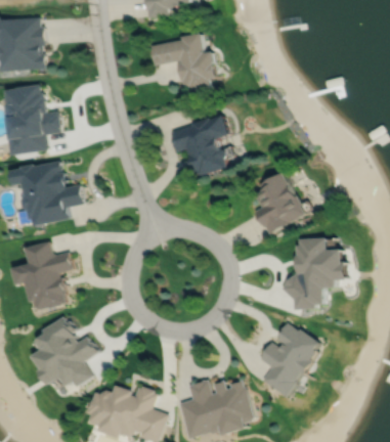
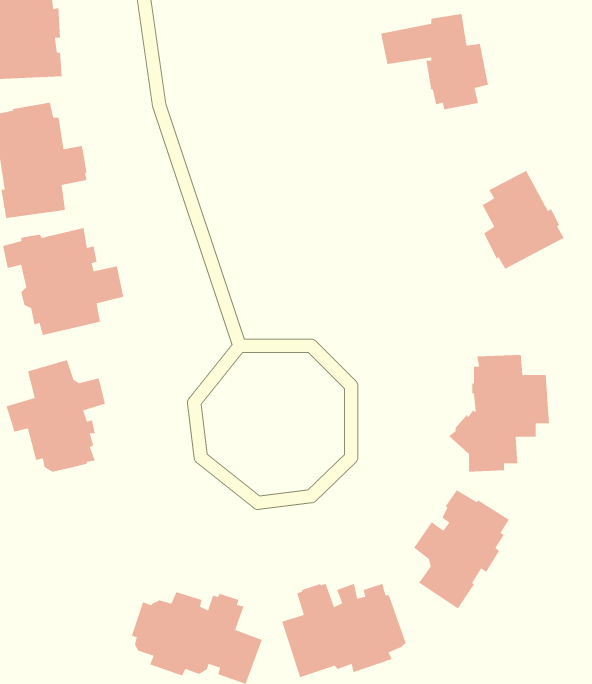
building: [149,33,216,92] -> [380,13,489,110]
building: [171,116,228,176] -> none
building: [255,173,306,234] -> [481,170,565,270]
building: [31,314,97,385] -> none

